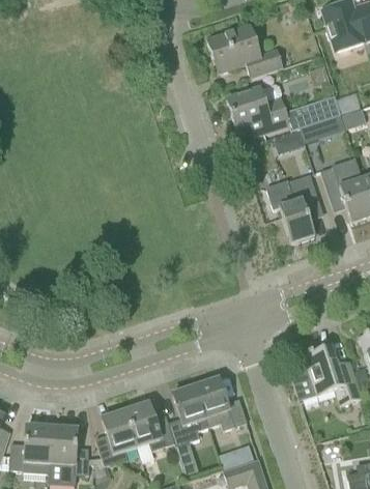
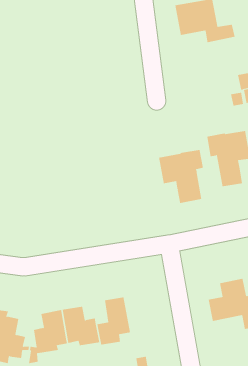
building: [226,82,289,136] -> none
building: none -> [159,149,203,204]
building: [196,378,247,430] -> none

